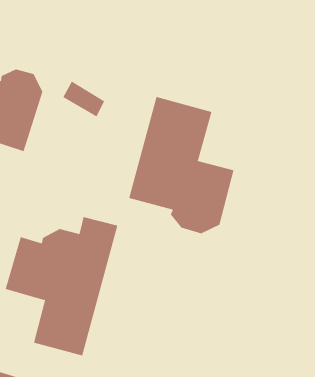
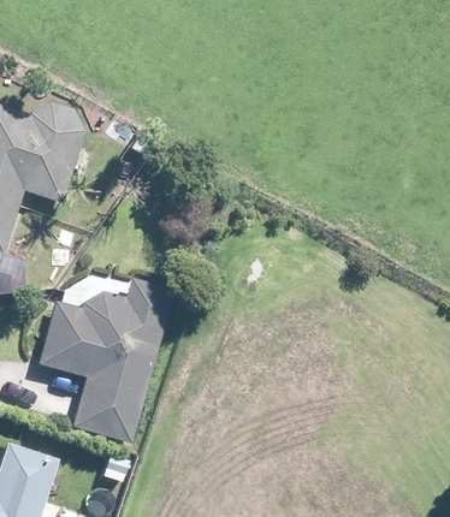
building: [128,96,234,234] -> none

